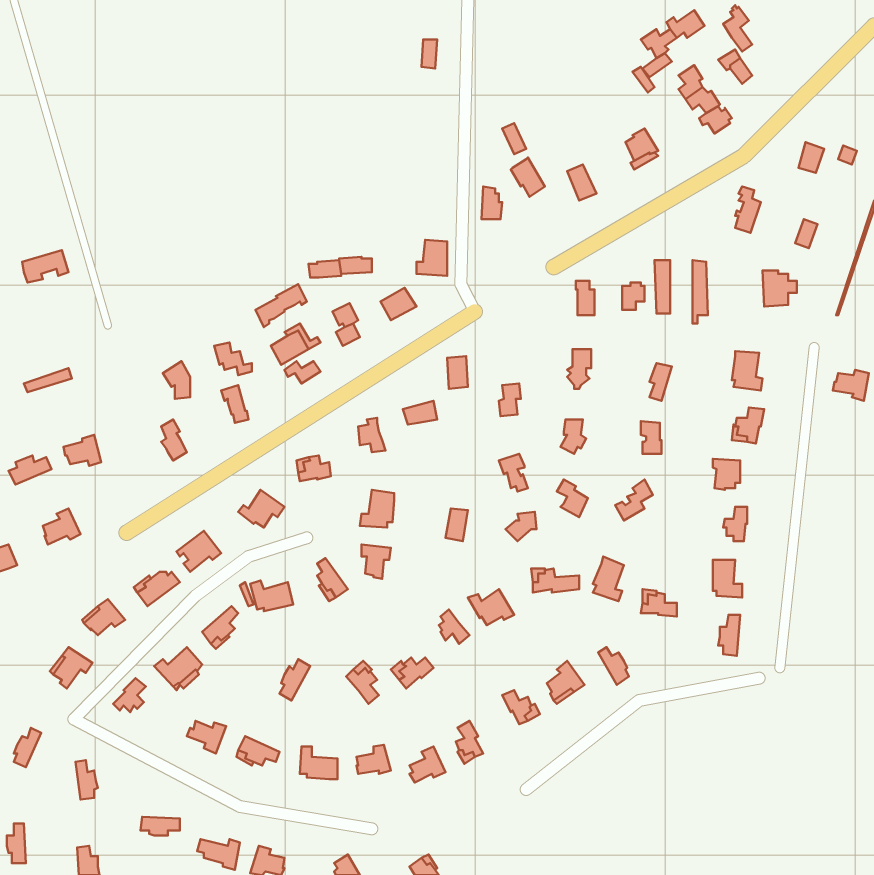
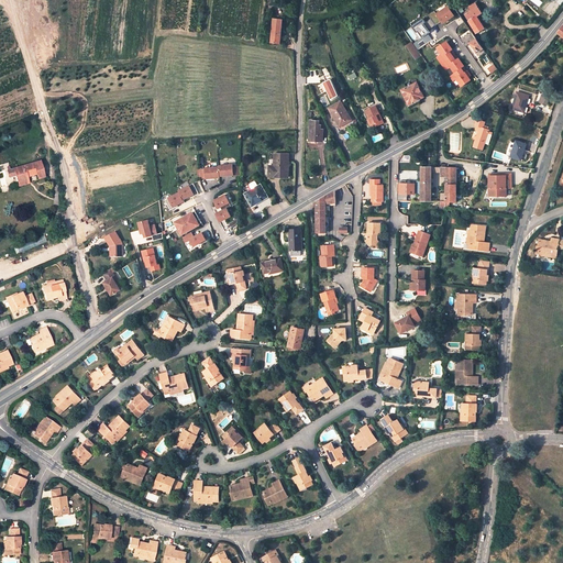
building: none -> [316,191,334,234]

